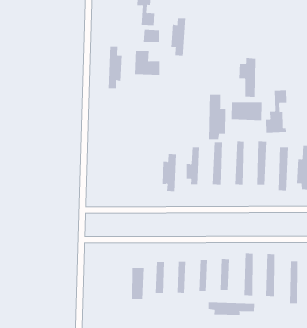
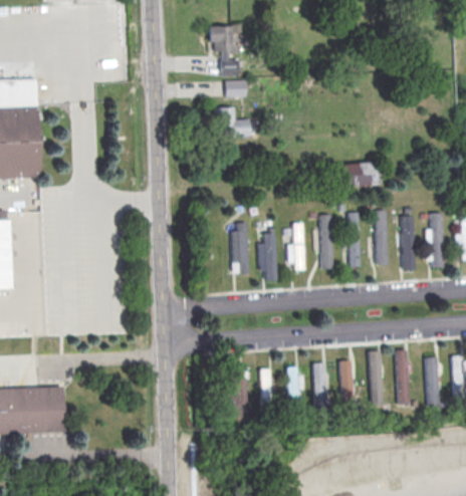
building: [171,17,186,56] -> none
building: [108,46,122,89] -> none
building: [239,57,256,98] -> none
building: [265,89,287,134] -> none
building: [208,94,226,140] -> none
building: none -> [231,222,248,273]
building: [208,301,255,316] -> none

